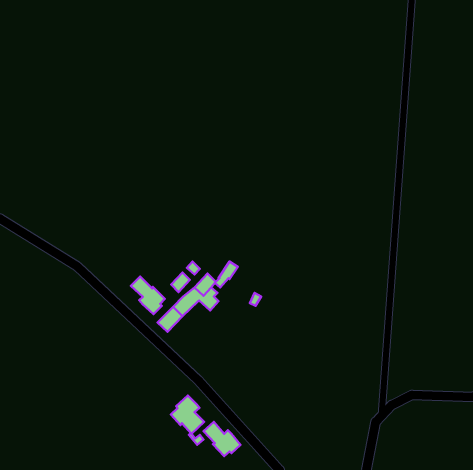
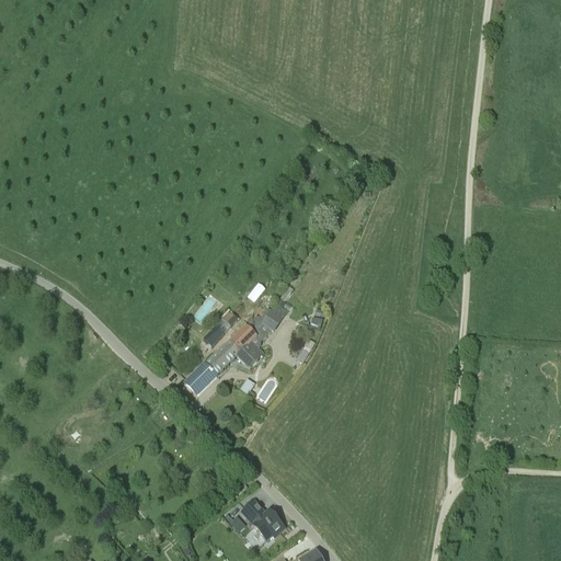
building: [131,277,165,314] -> none
building: [171,396,204,434] -> none

